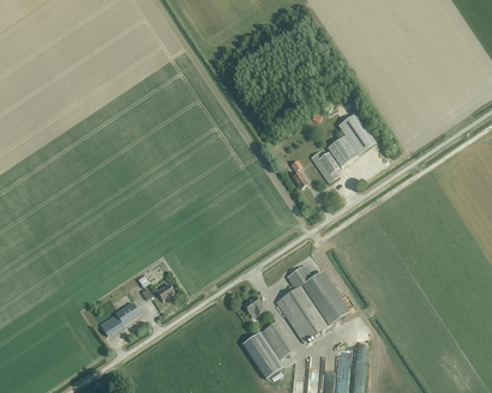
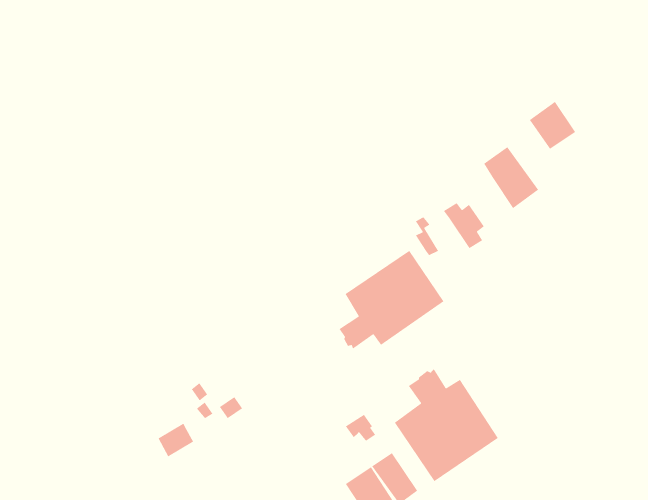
building: [325,134,358,168] -> [529,101,576,150]
building: none -> [338,250,445,350]

